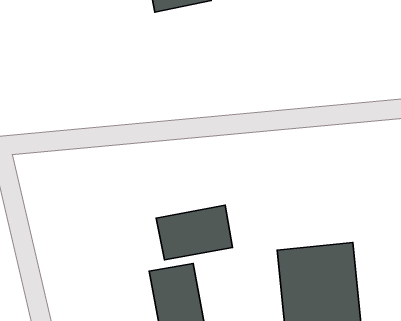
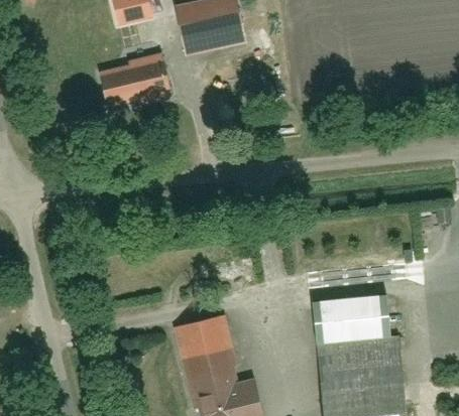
building: none -> [101,58,167,107]
building: [156,205,232,260] -> none

